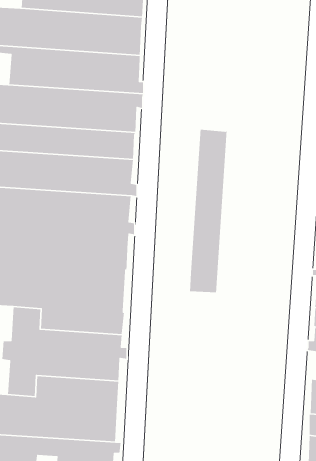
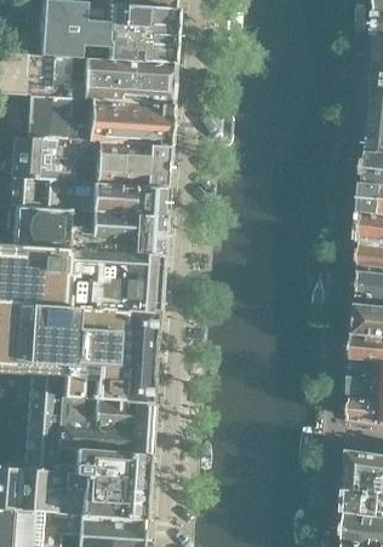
building: [189,129,227,293] -> none

